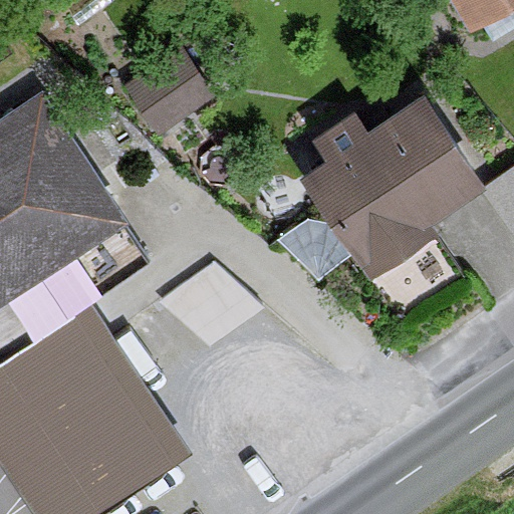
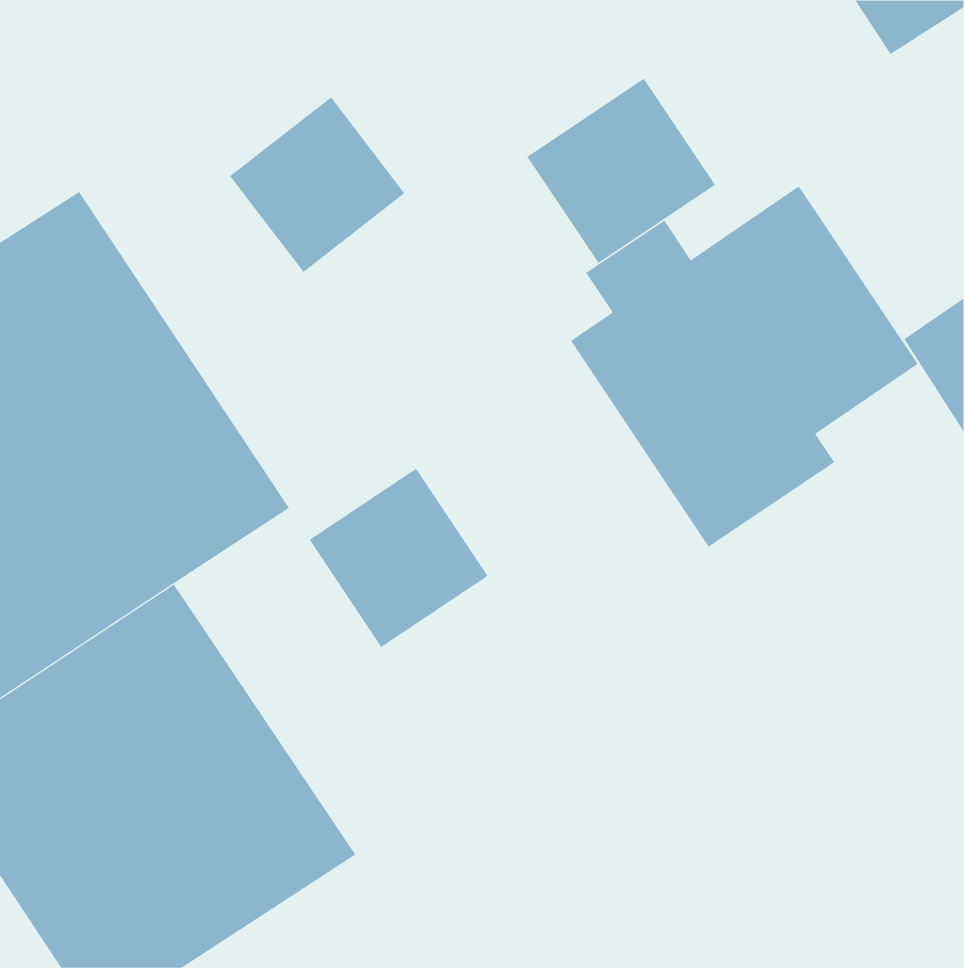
building: none -> [526,78,716,264]

